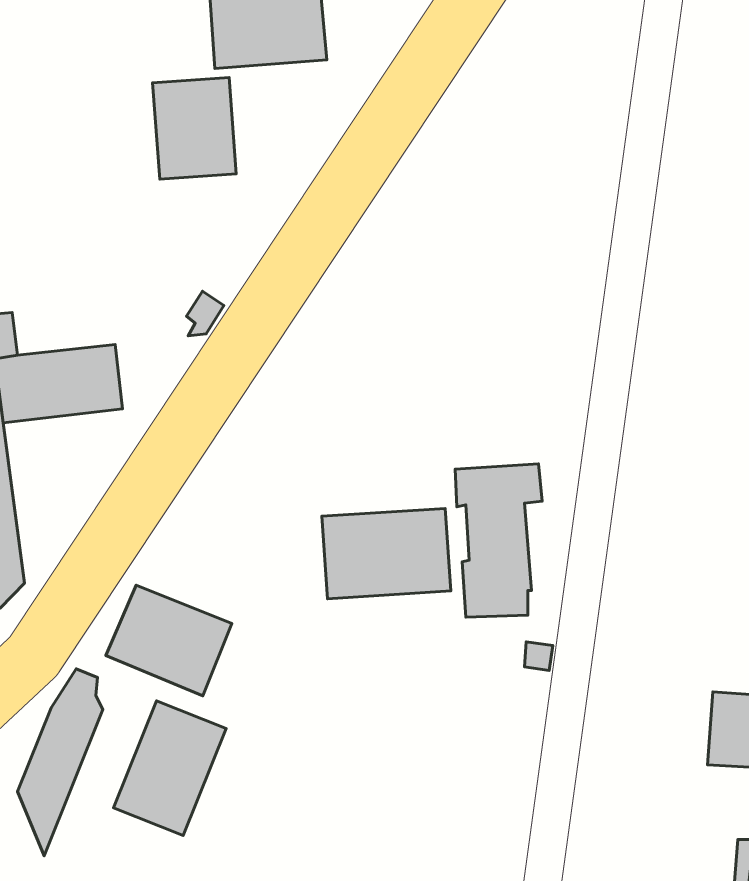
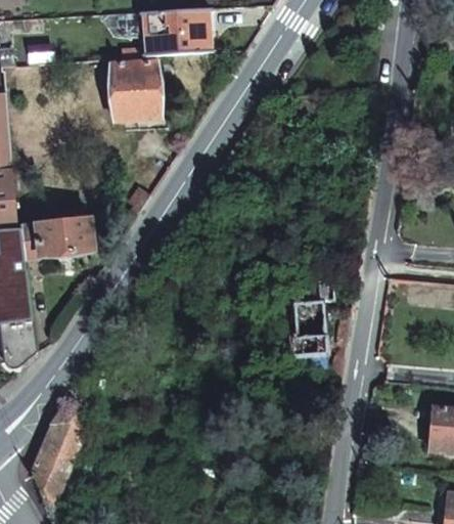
building: [322,508,451,599] -> none
building: [106,585,232,696] -> none
building: [114,701,226,835] -> none

